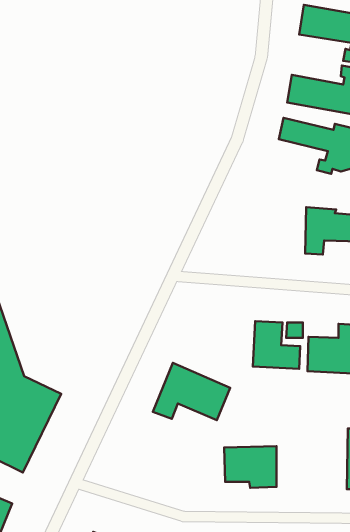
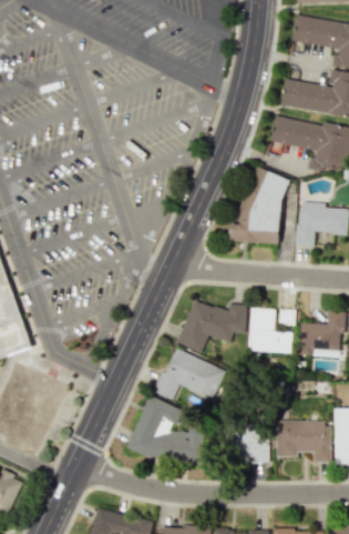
building: none -> [229,165,291,245]
building: none -> [176,301,247,353]
building: none -> [127,397,203,463]
building: none -> [278,422,332,463]

